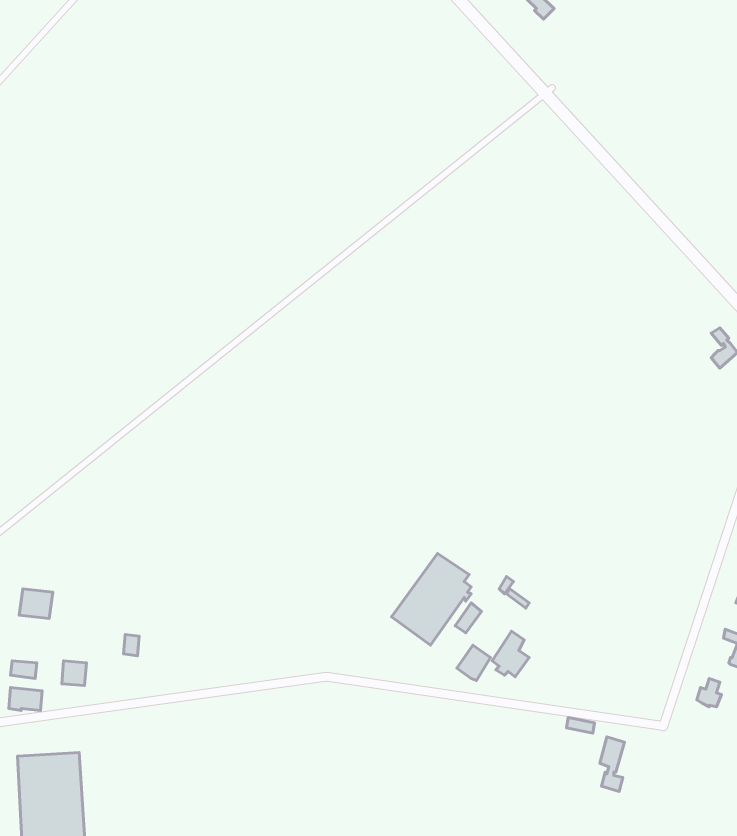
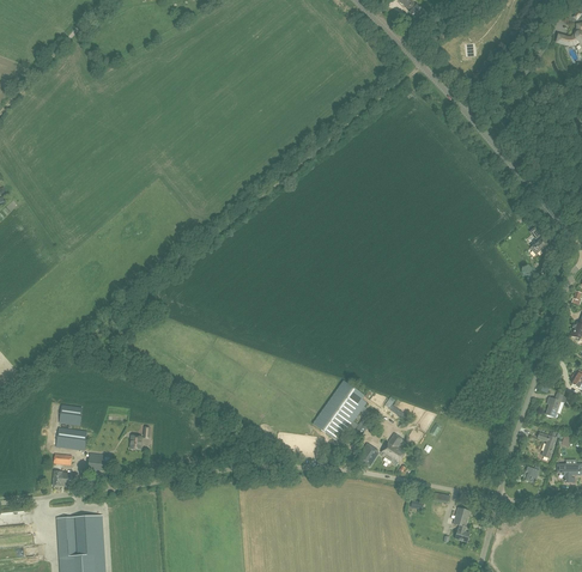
building: none -> [55,426,86,449]

